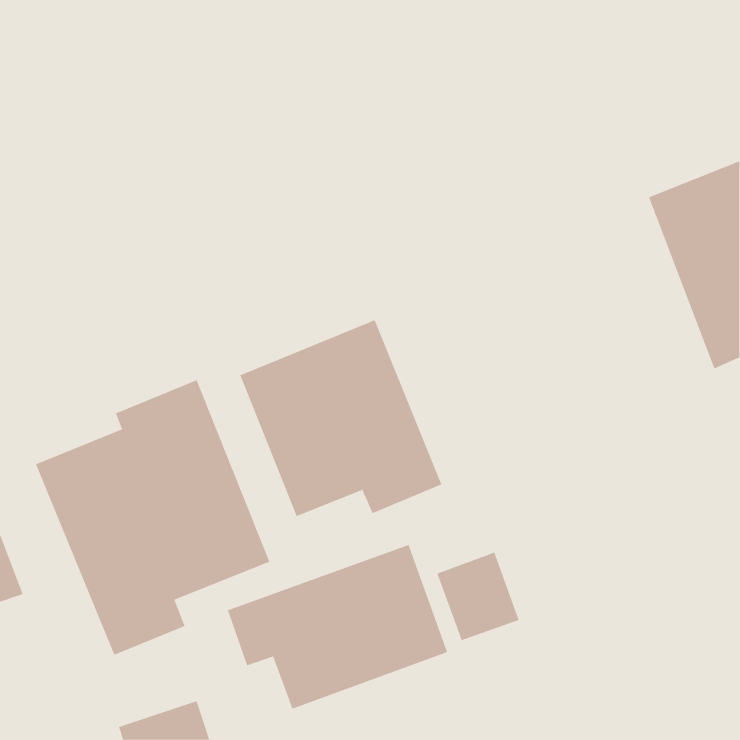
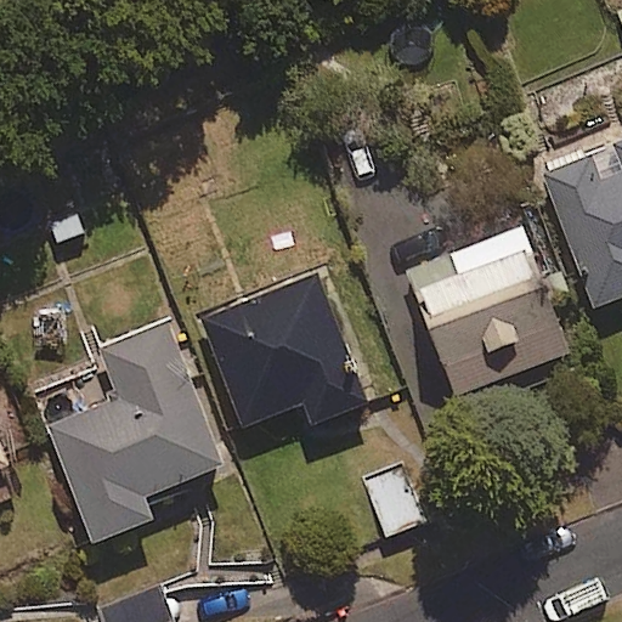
building: none -> [405,226,570,400]
building: [227,544,448,709] -> none

